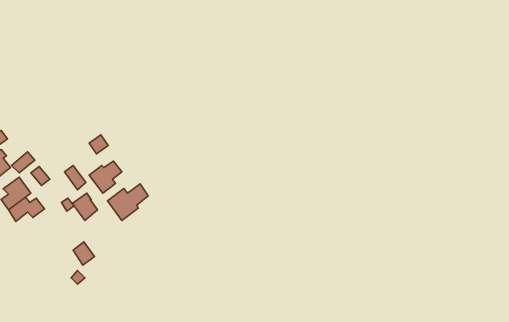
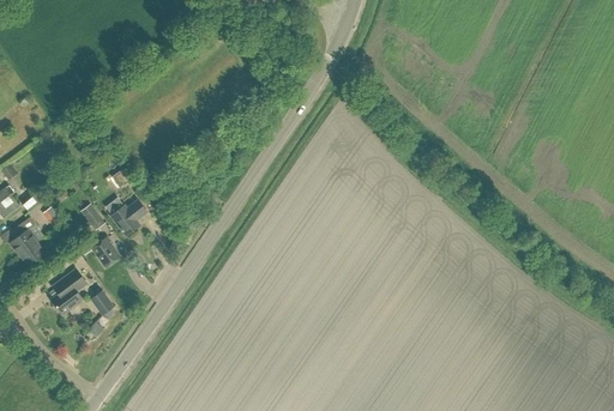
building: [107,184,148,220] -> none
building: none -> [49,267,85,313]

